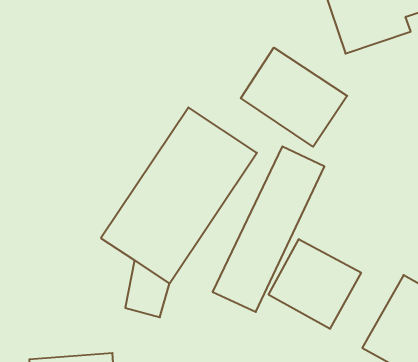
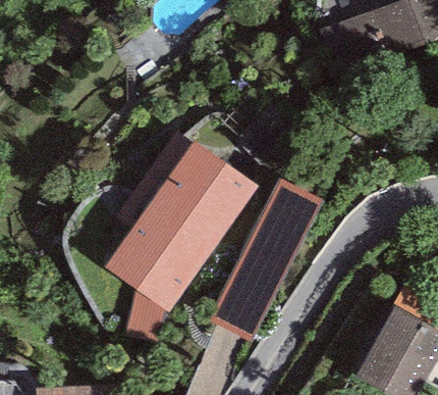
building: [241,48,347,147] -> none
building: [269,239,361,329] -> none

